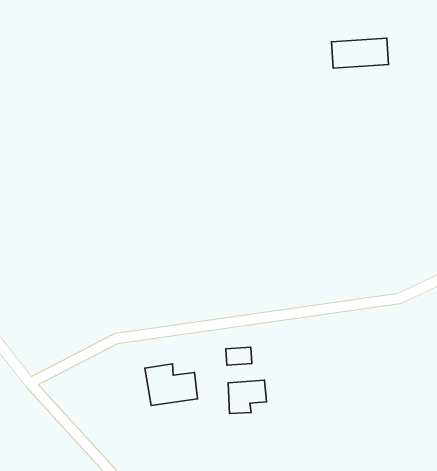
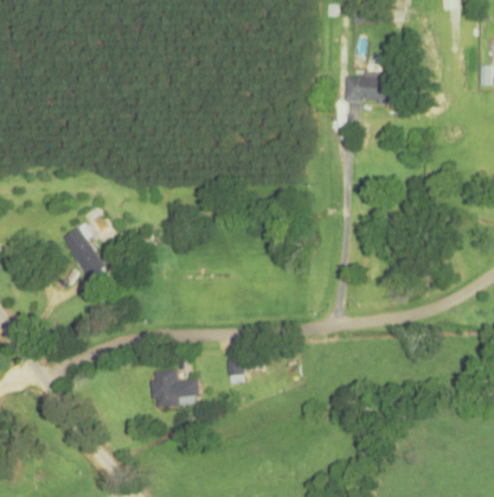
building: none -> [63,227,103,275]
building: [228,380,267,414] -> none

